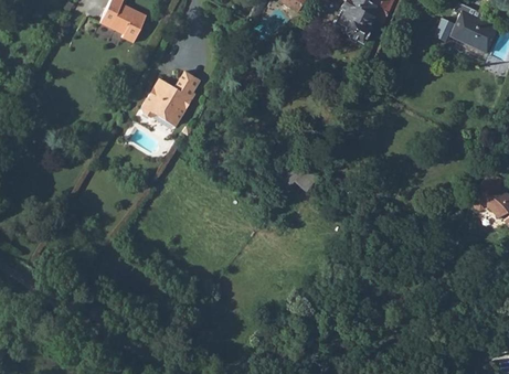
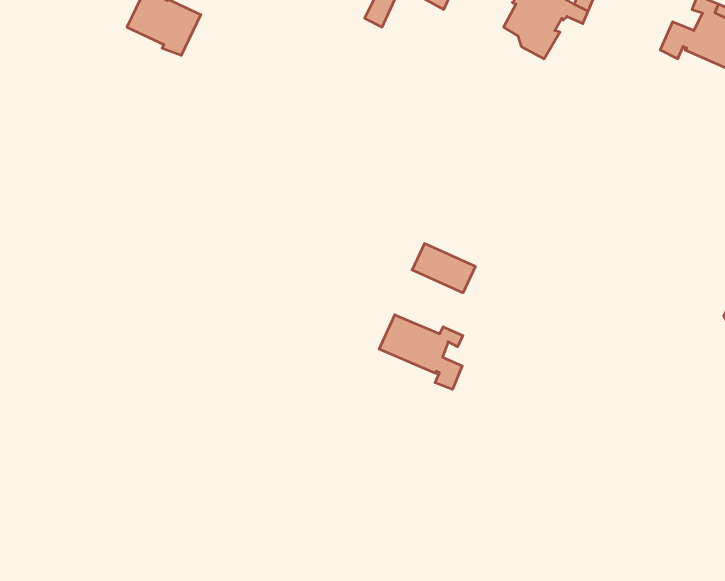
building: [140,74,198,127] -> none
building: none -> [379,315,463,389]

